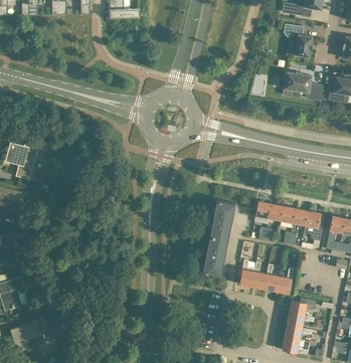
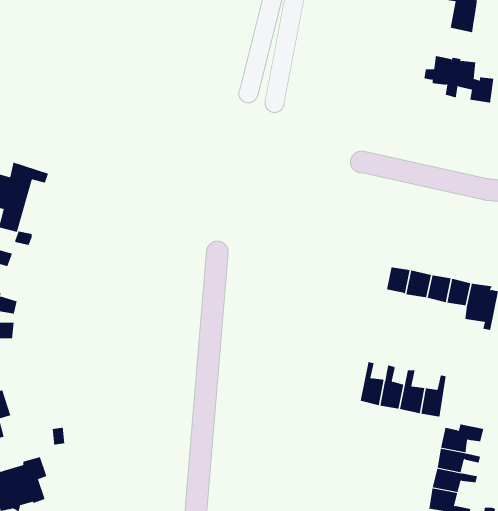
building: [202,199,234,275] -> none

